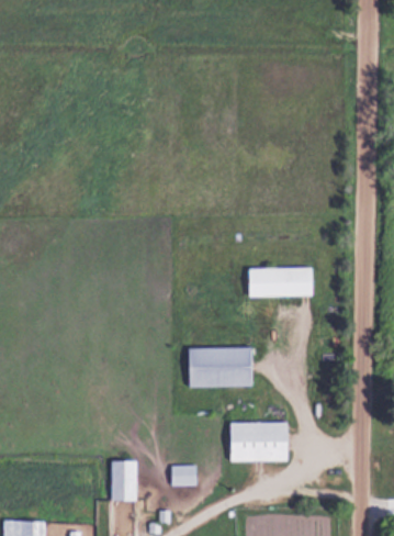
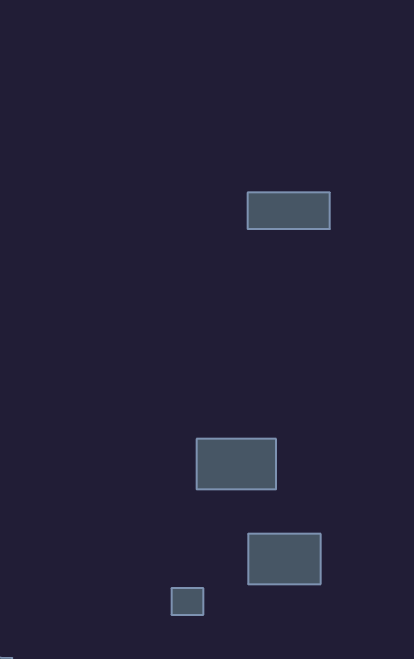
building: [249,268,314,297] -> [248,193,330,229]
building: [110,459,136,501] -> none

